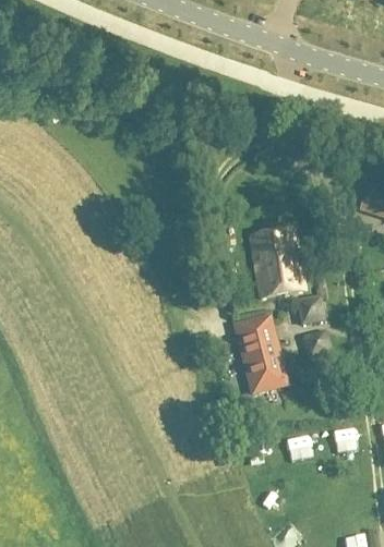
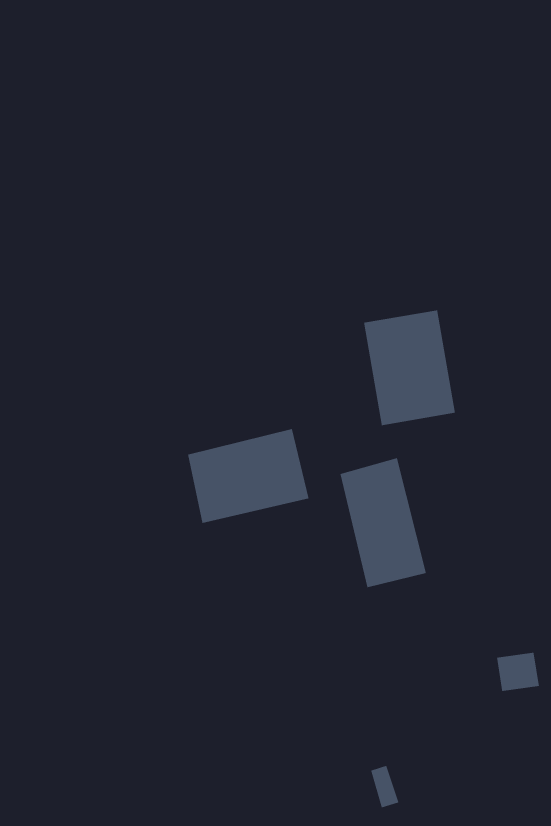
building: none -> [187,428,310,524]
building: [295,299,320,325] -> none

